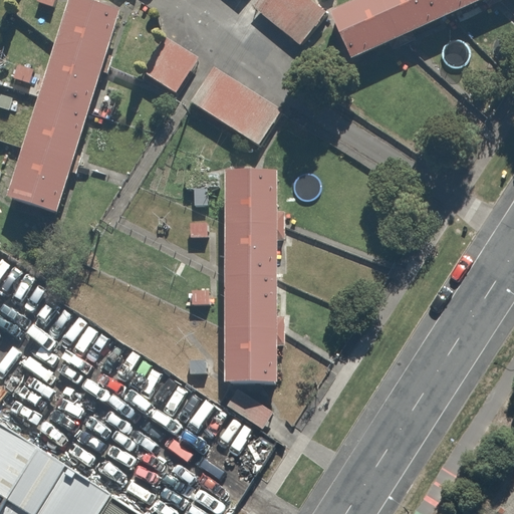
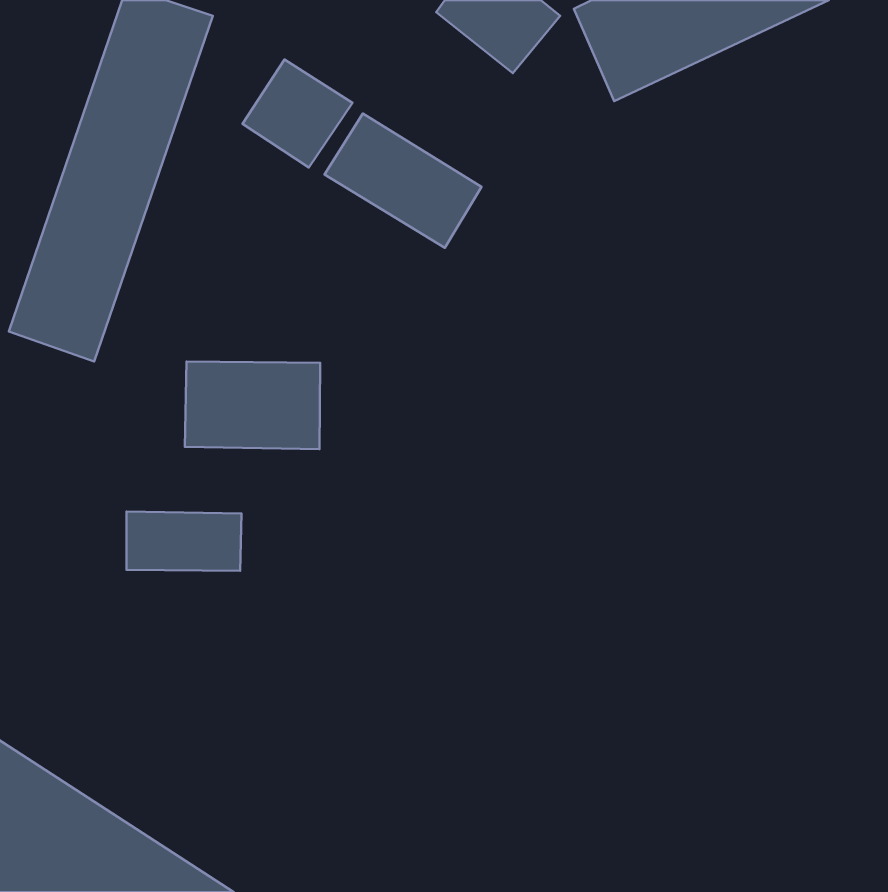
building: [223,164,300,440] -> none
building: none -> [185,362,320,449]
building: none -> [126,512,242,571]

